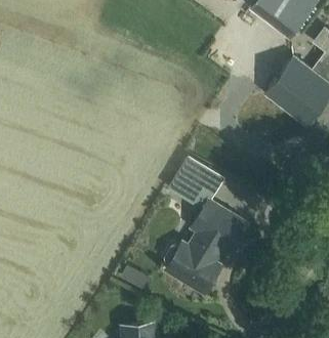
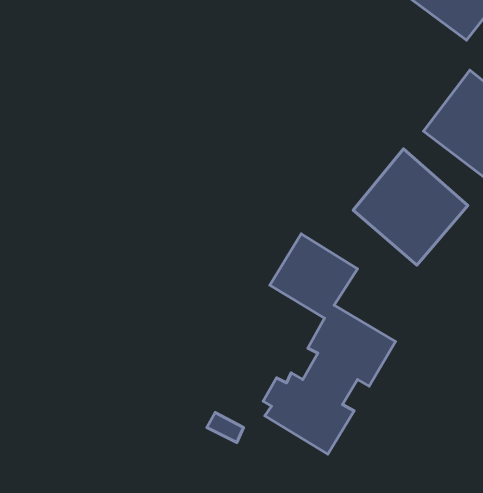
building: none -> [353,149,468,265]

